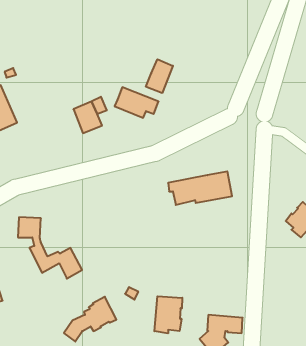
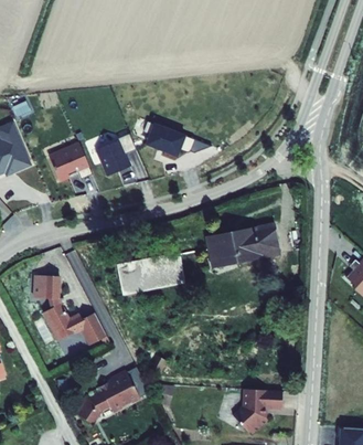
building: [146,59,173,93] -> none
building: none -> [45,145,89,183]
building: none -> [114,255,178,294]
building: [154,296,182,333] -> none

